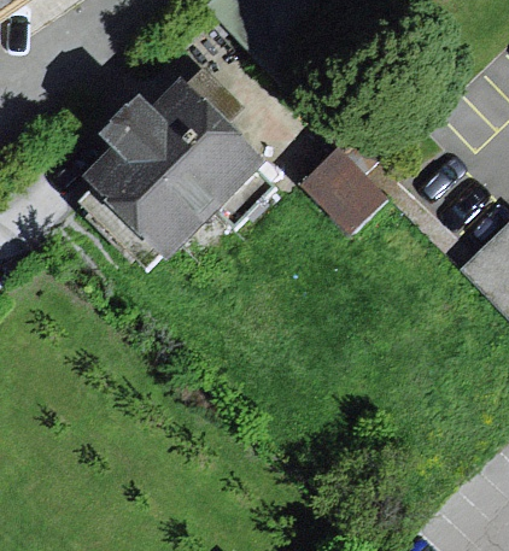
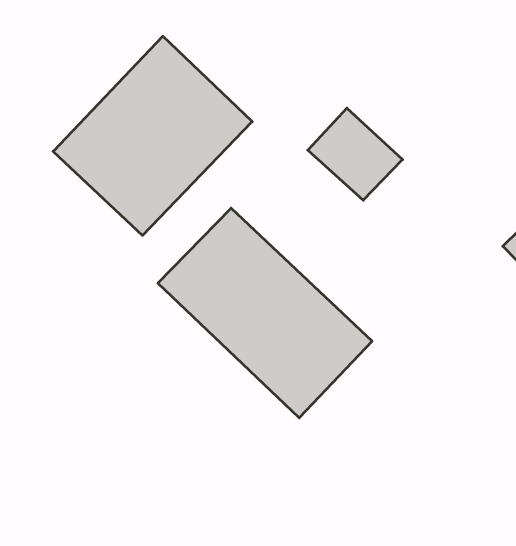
building: none -> [158,208,372,418]

